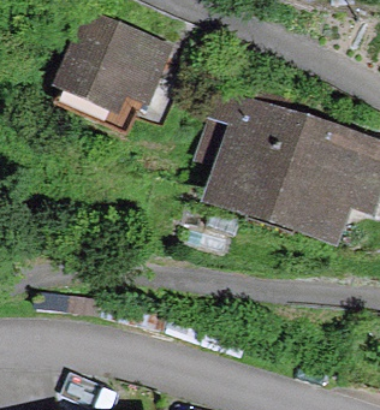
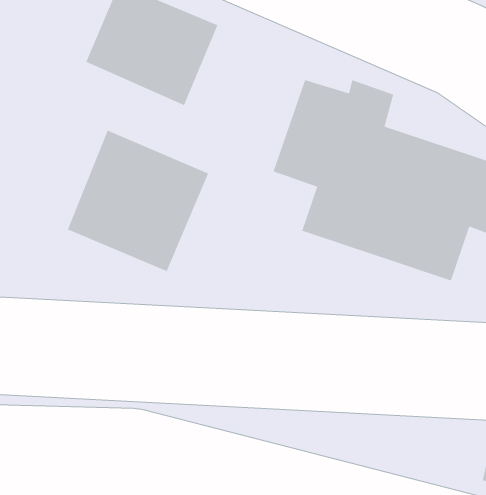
building: none -> [67,129,209,272]

